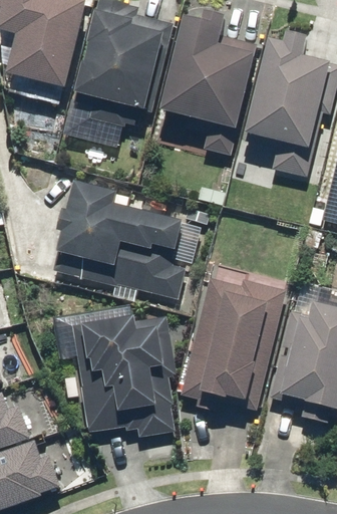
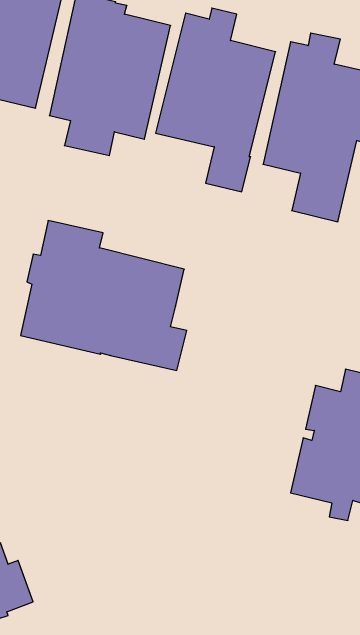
building: [179,276,285,415] -> none
building: [71,313,174,438] -> none

